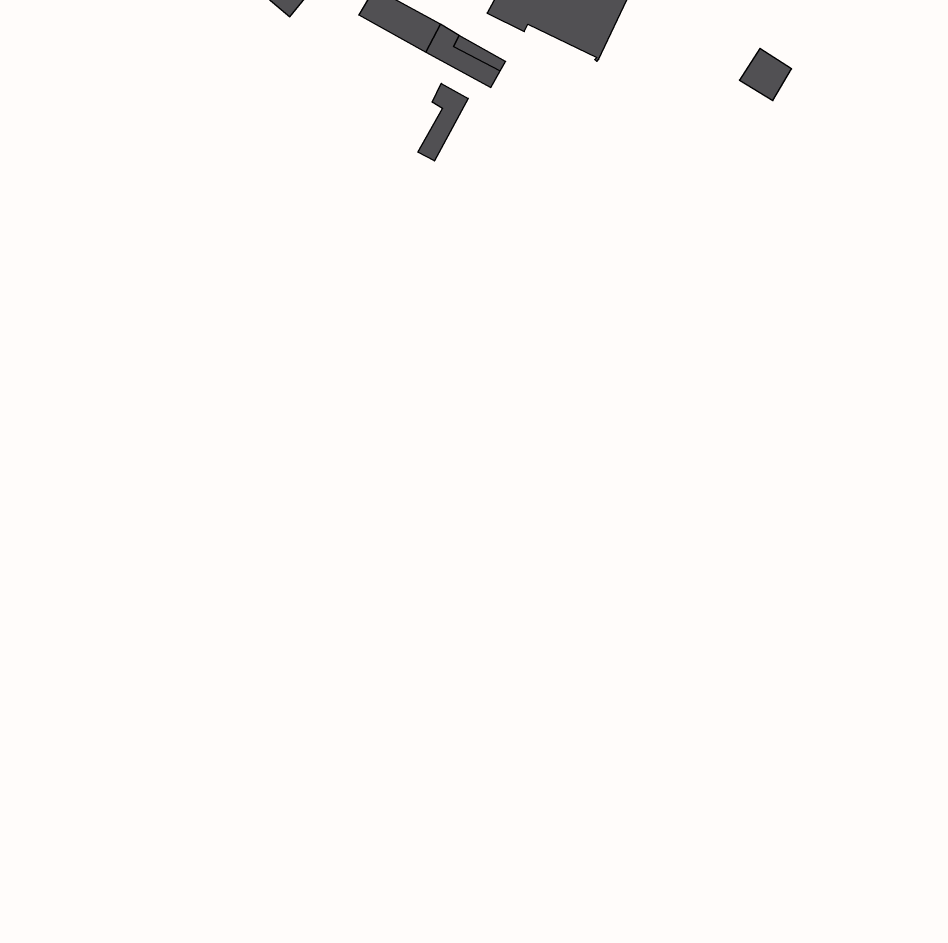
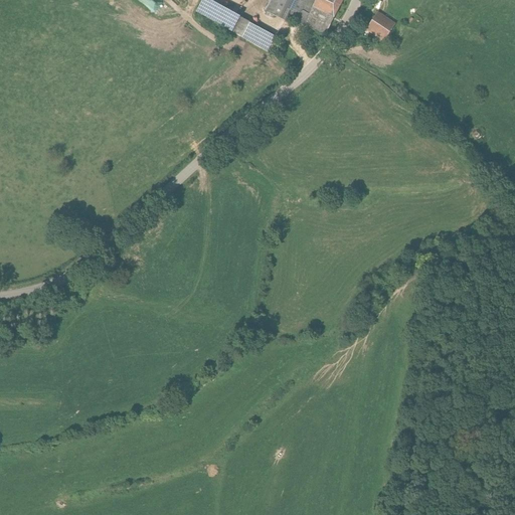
building: [739,48,792,101] -> [365,9,393,37]
building: [418,83,468,161] -> none

